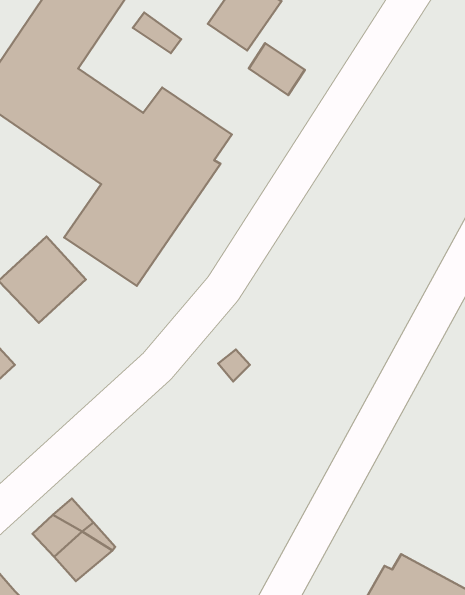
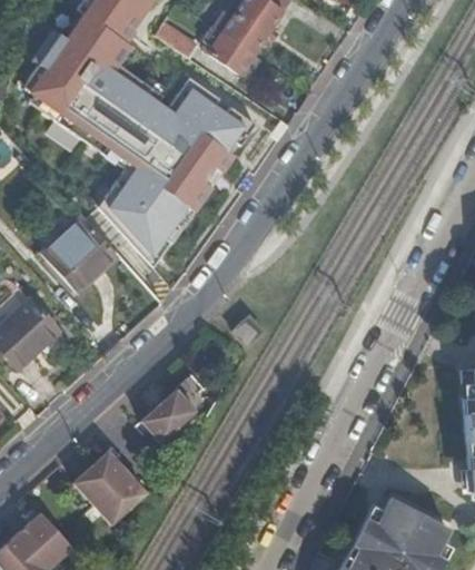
building: [249,43,305,95] -> [209,31,258,77]
building: none -> [137,385,195,441]

